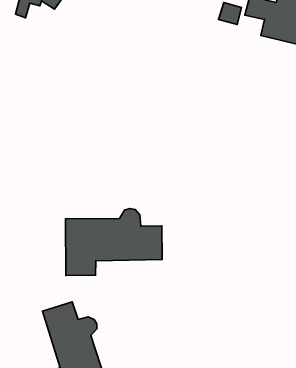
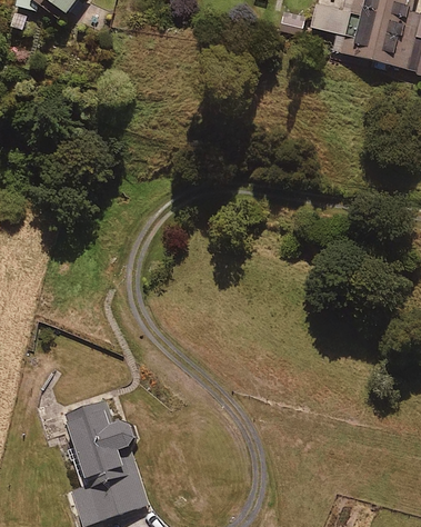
building: [66,208,162,275] -> none

